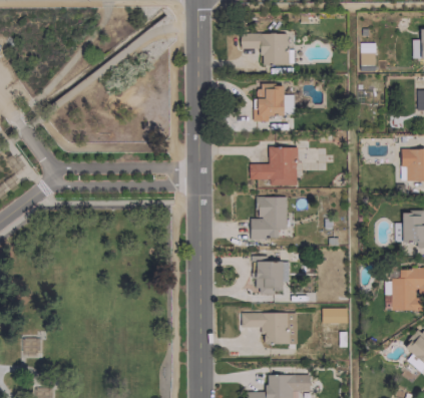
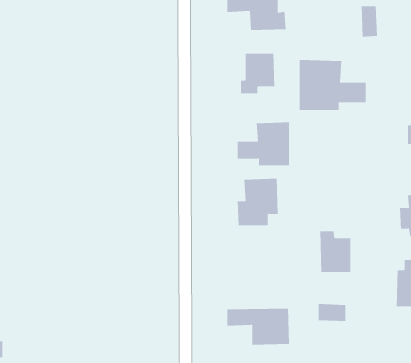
building: none -> [299,59,366,111]
building: [255,256,283,293] -> [320,231,351,273]

